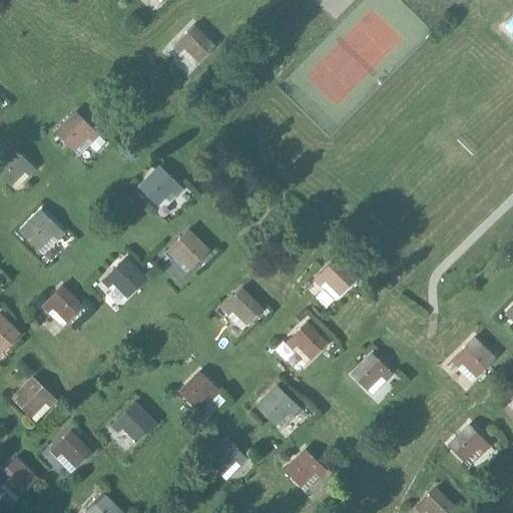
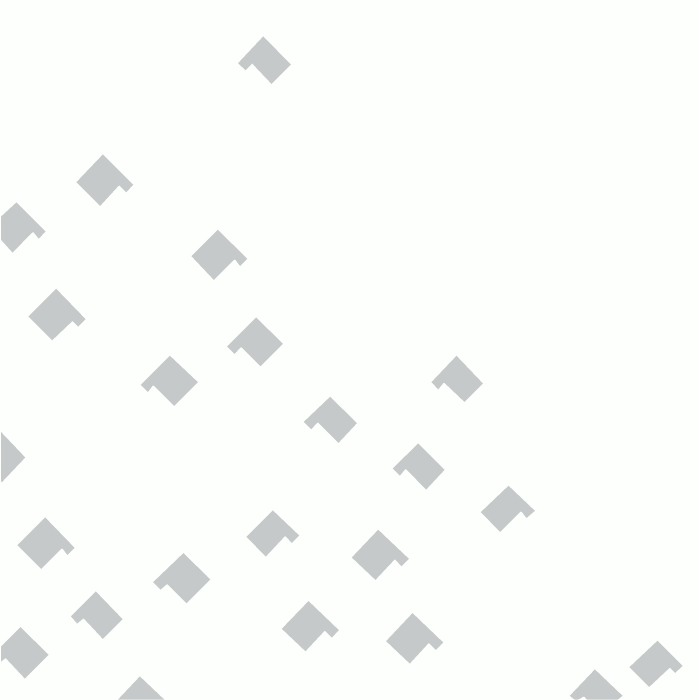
building: [43,287,83,322] -> none
building: [452,339,495,377] -> none
building: [449,426,489,461] -> [629,640,683,688]

